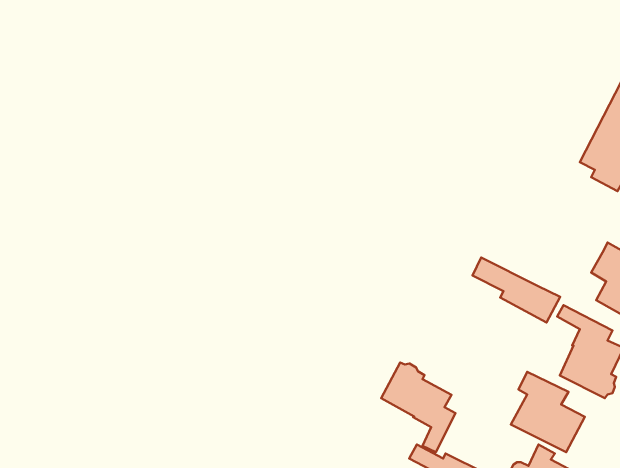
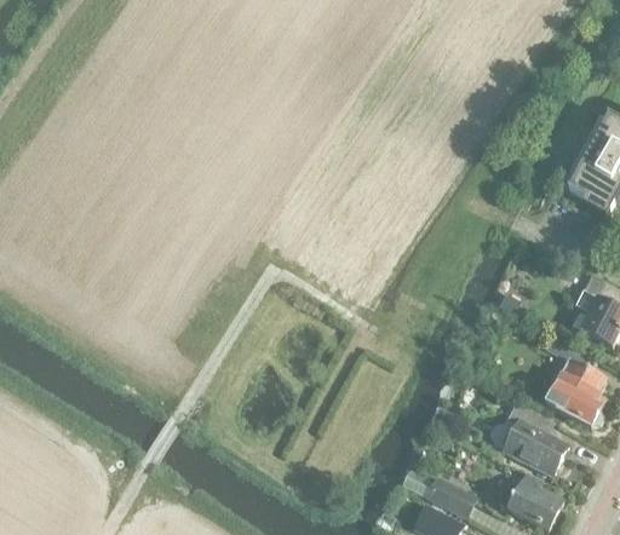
building: [472,257,560,322] -> none
building: [381,363,456,452] -> none

